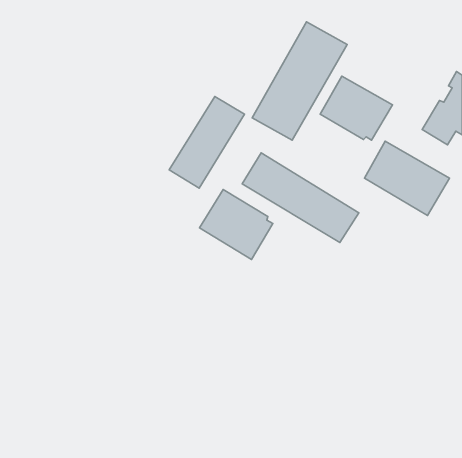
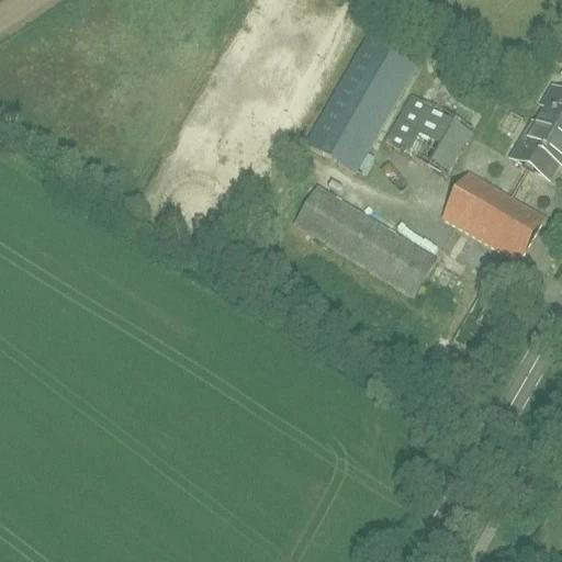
building: [169,97,244,188] -> none
building: [200,190,273,260] -> none

